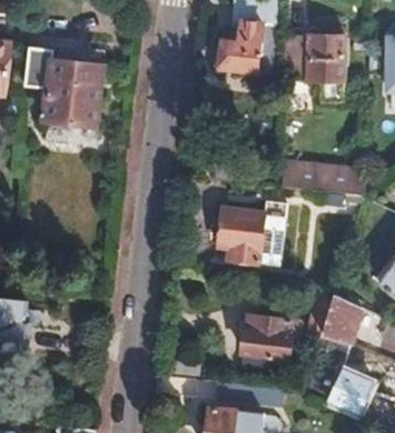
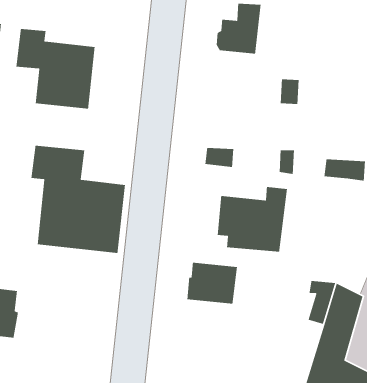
building: [285,33,346,81] -> none
building: none -> [30,145,126,254]
building: [245,318,295,359] -> [186,262,238,304]

